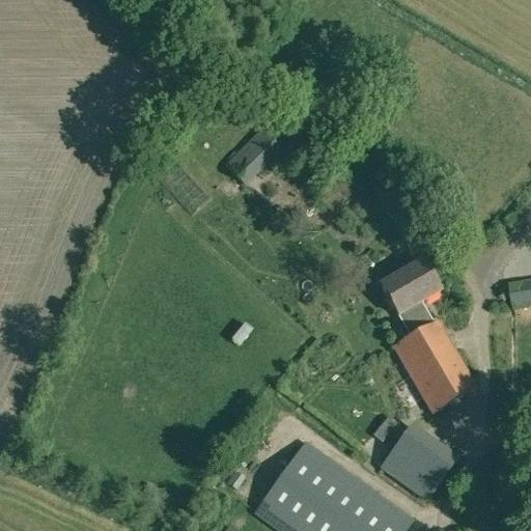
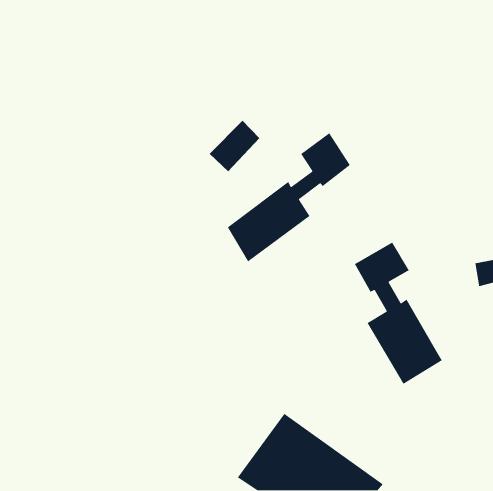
building: none -> [227,132,351,262]
building: [381,422,459,500] -> none

